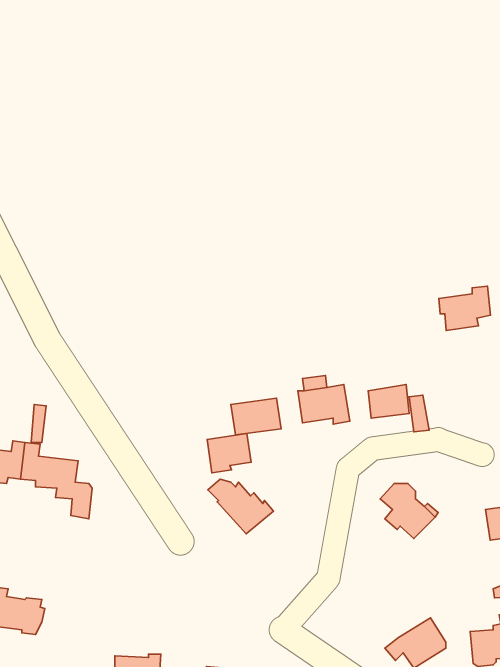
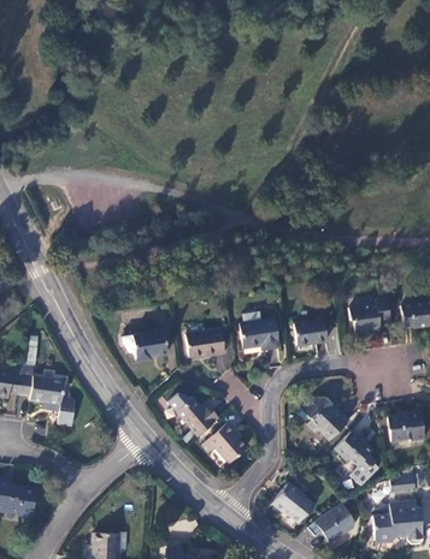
building: [439,286,491,331] -> [349,298,390,333]
building: [207,433,251,473] -> [132,331,167,362]
building: none -> [202,422,247,463]
building: none -> [334,430,376,472]
building: none -> [271,482,314,523]

